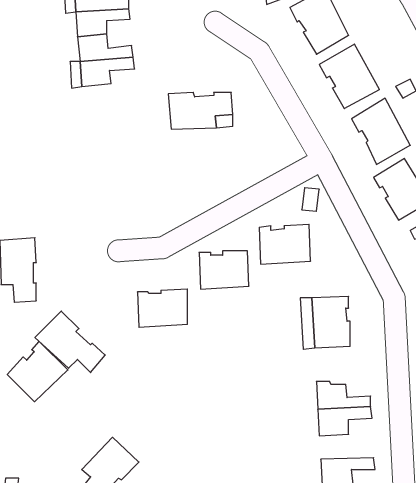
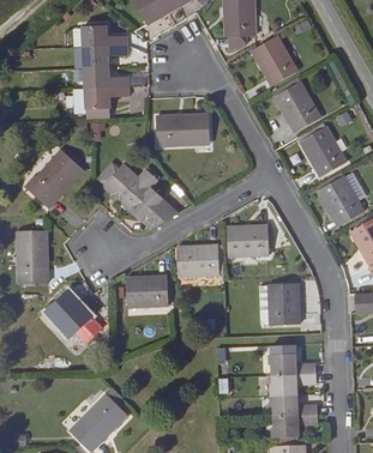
building: none -> [31,153,79,211]
building: none -> [98,167,170,230]
building: [7,342,68,402] -> none
building: none -> [275,395,319,416]

